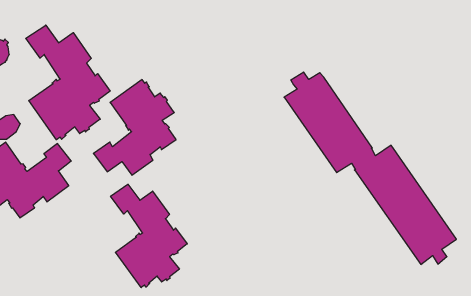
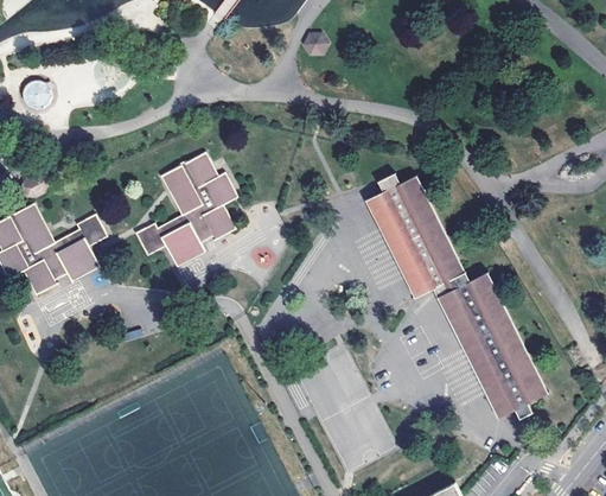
building: [26,25,110,140] -> none
building: [111,184,187,288] -> none

